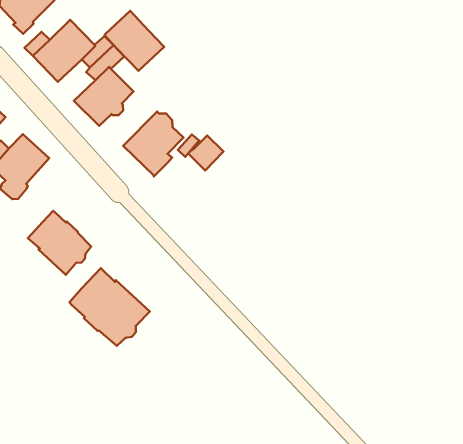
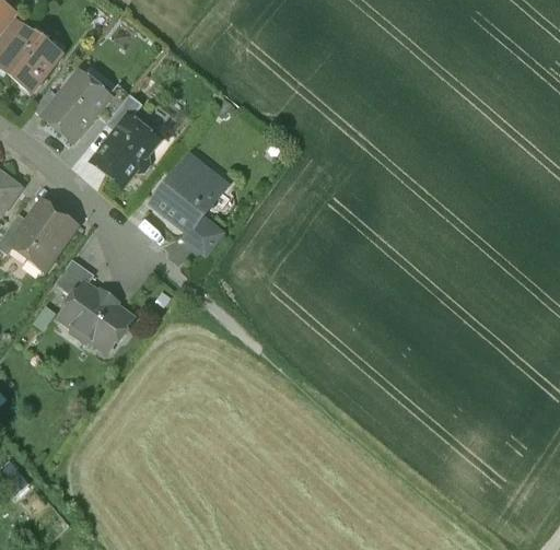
building: [104,11,164,71] -> none
building: [188,136,224,170] -> [184,215,222,254]
building: none -> [55,258,94,295]
building: [69,268,150,346] -> none

